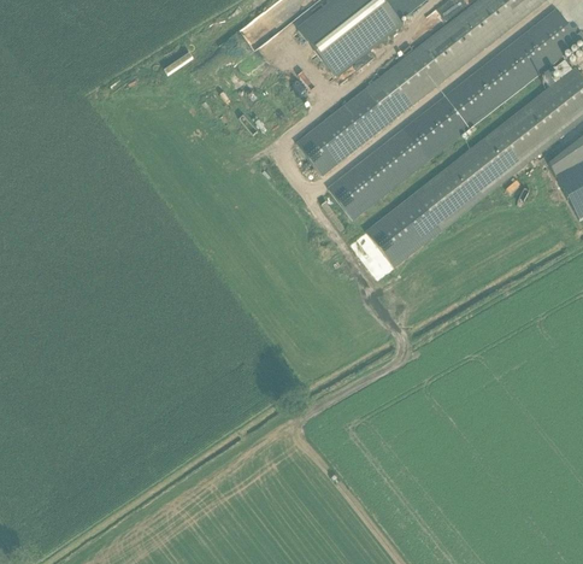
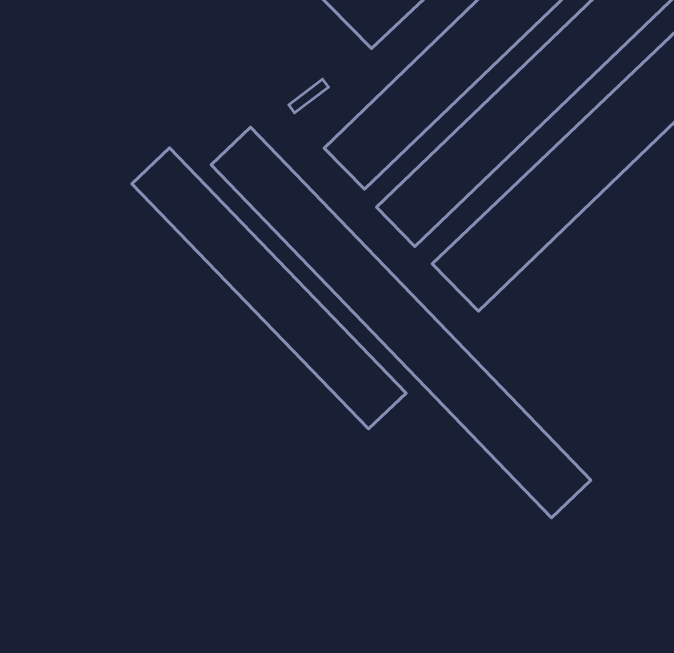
building: none -> [211,127,591,518]
building: none -> [132,148,406,429]

